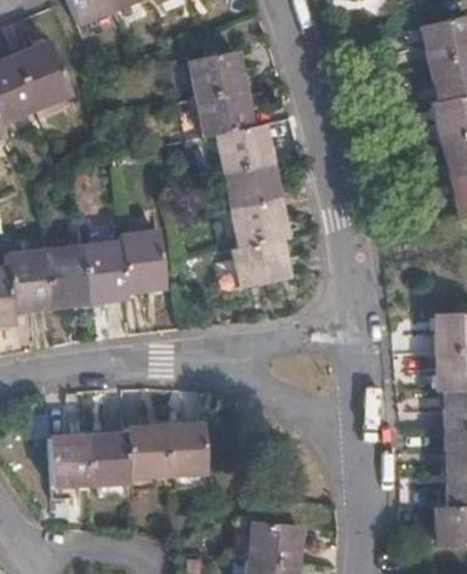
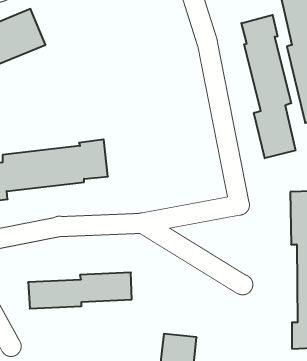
building: none -> [241,15,295,158]
building: [192,57,291,295] -> none

